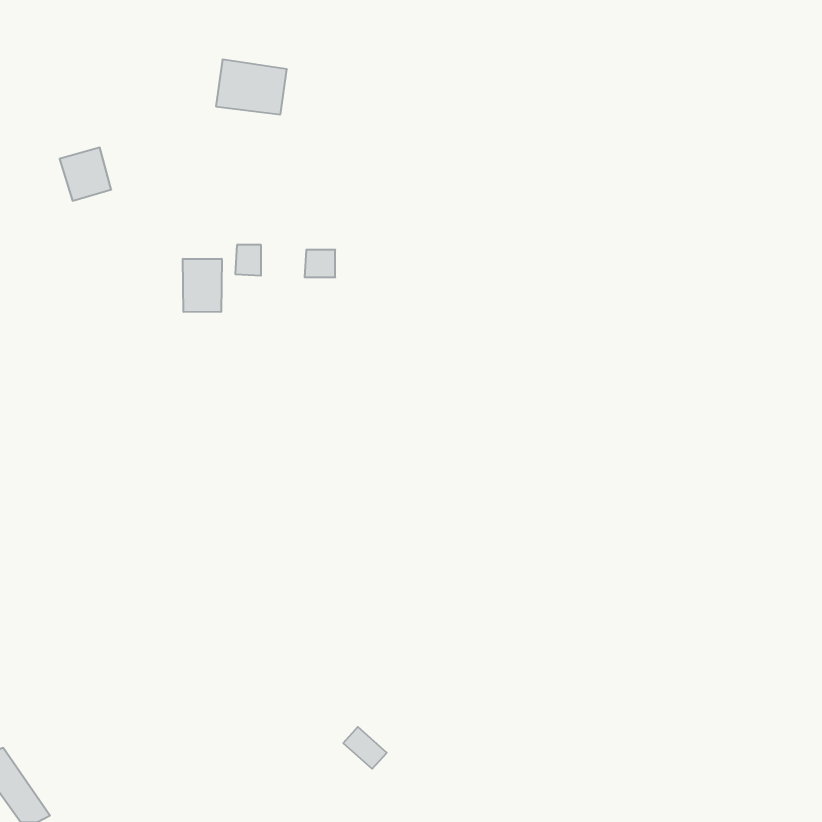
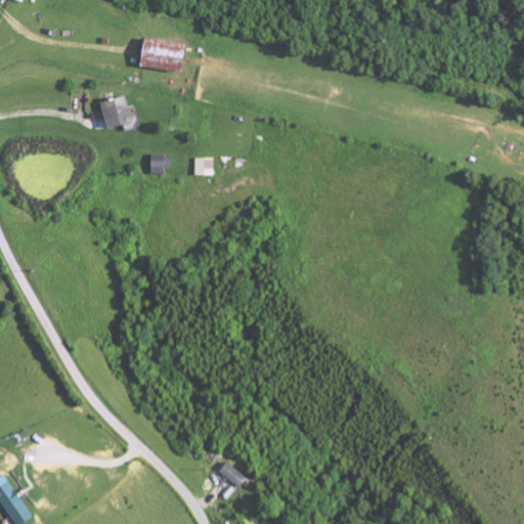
building: [60,148,111,201] -> [97,95,130,129]
building: [183,259,222,312] -> none

